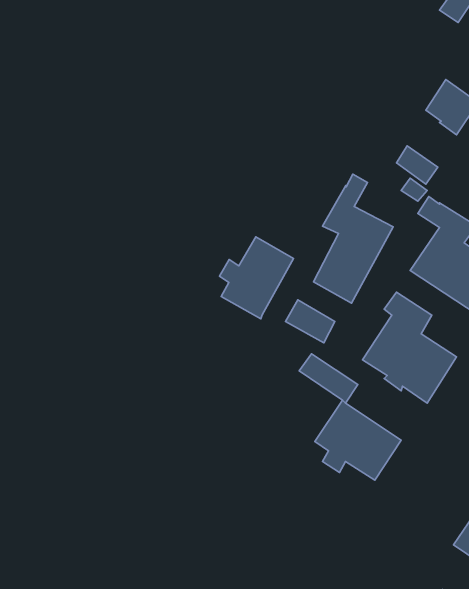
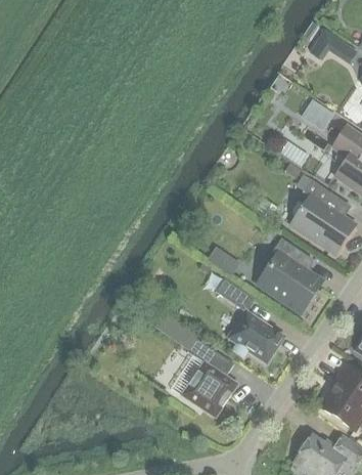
building: [314,174,393,303] -> none
building: [219,237,294,319] -> none
building: none -> [180,338,237,418]

